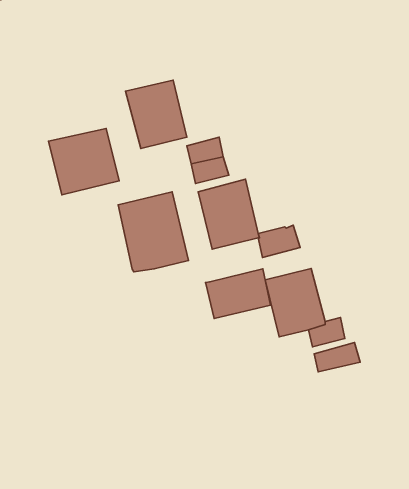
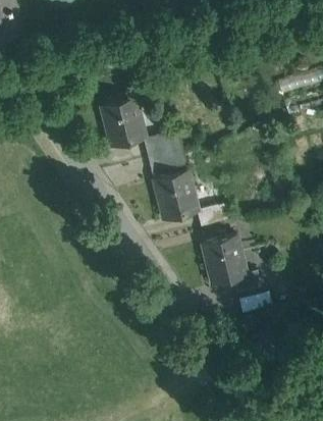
building: [48,129,119,195] -> none
building: [118,192,189,272] -> none
building: [205,269,270,318] -> none

